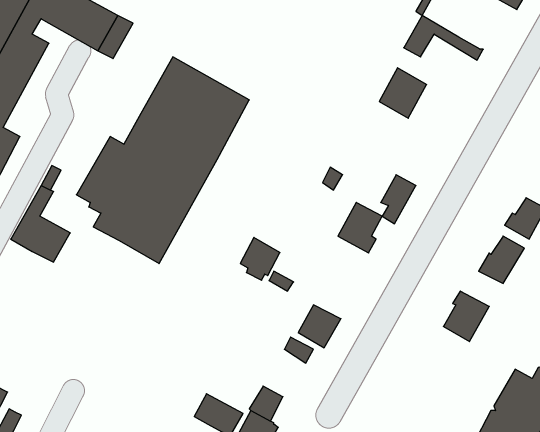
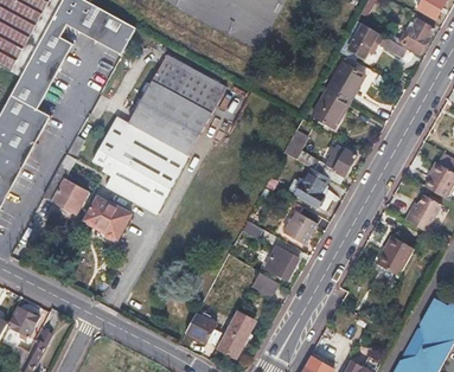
building: none -> [389,19,433,52]
building: none -> [313,89,350,128]
building: [240,237,280,280] -> [284,211,315,244]
building: none -> [84,197,129,239]

